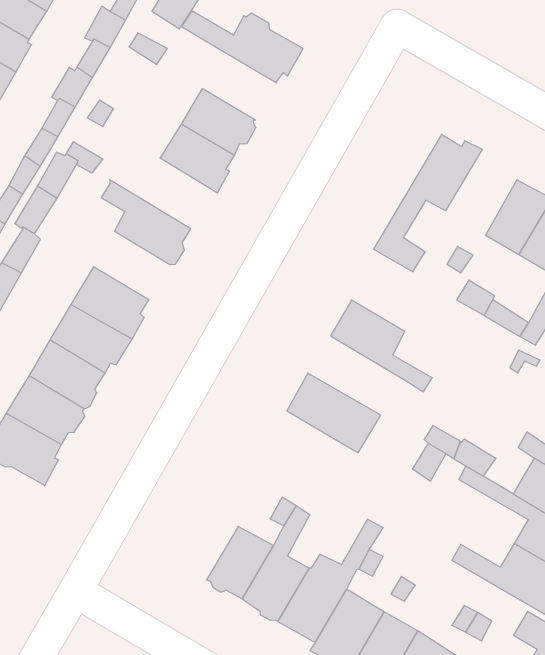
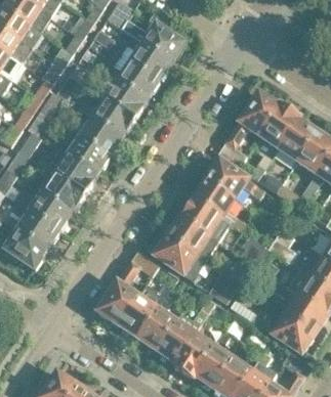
building: none -> [131,42,171,81]
building: none -> [258,102,300,148]
building: none -> [79,97,136,136]
building: none -> [68,135,109,173]
building: none -> [205,160,263,197]
building: none -> [179,197,231,241]
building: none -> [154,236,219,295]
building: none -> [97,250,159,324]

